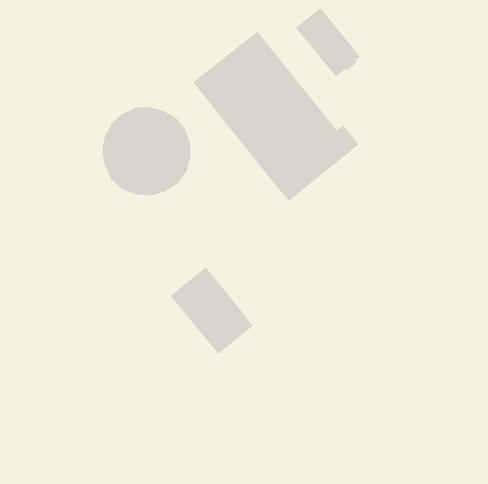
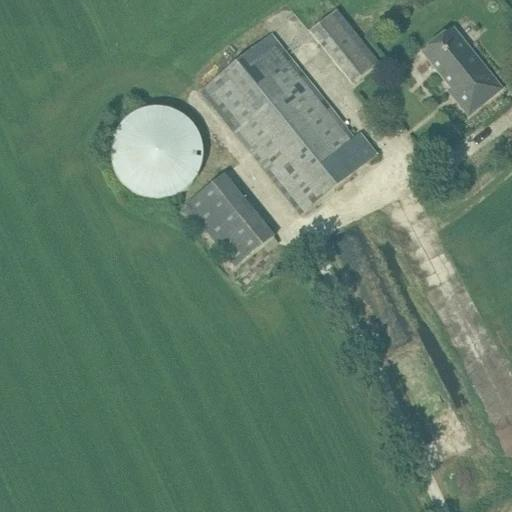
building: none -> [421,23,502,114]
building: [169,266,254,355] -> [186,171,274,264]

